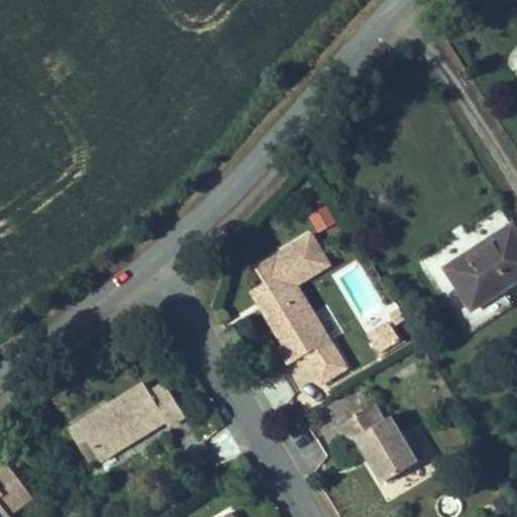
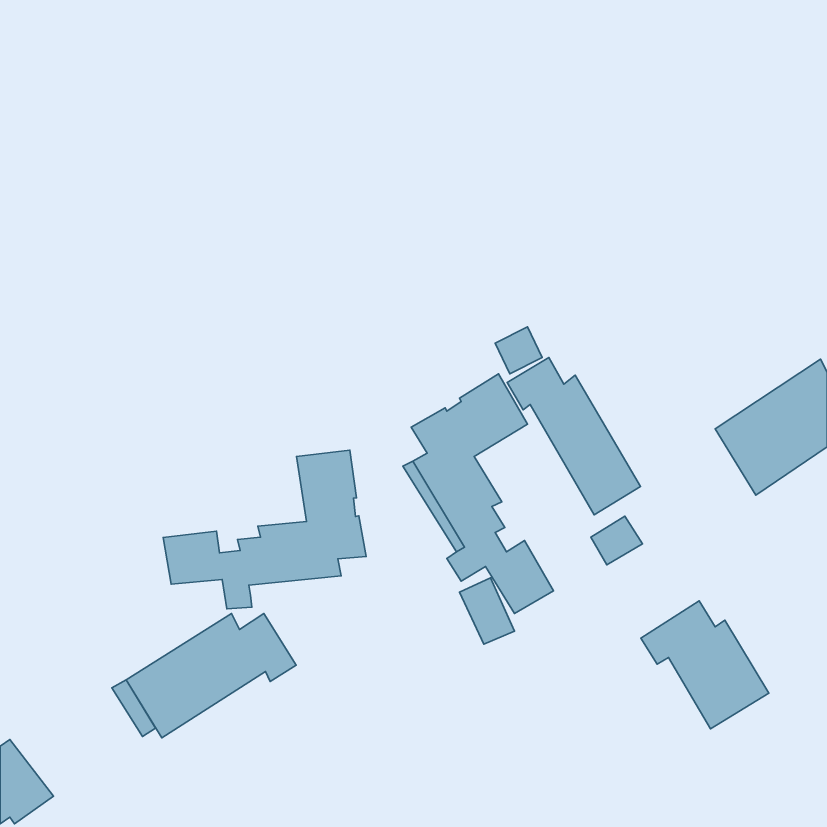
building: none -> [507,358,641,515]
building: none -> [163,450,366,609]
building: [338,403,418,483] -> [641,601,769,729]

